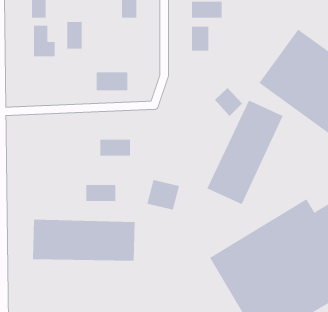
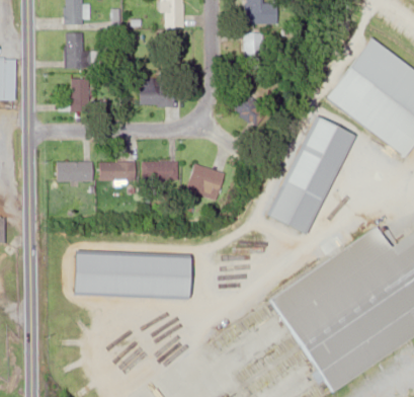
building: [66,21,83,49] -> [72,78,90,109]
building: [214,87,243,117] -> [234,90,266,124]
building: none -> [58,161,94,180]
building: [147,180,180,210] -> [187,164,225,198]
building: [86,185,116,202] -> [102,161,137,180]

